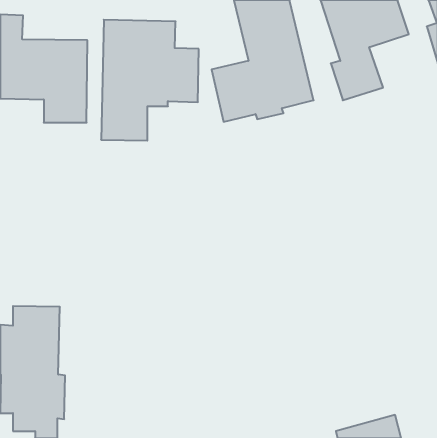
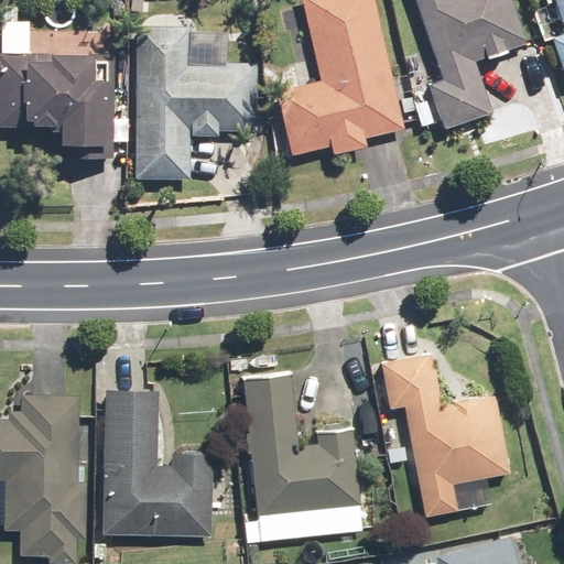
building: none -> [380,352,509,517]
building: none -> [241,372,361,543]
building: none -> [99,388,213,536]

